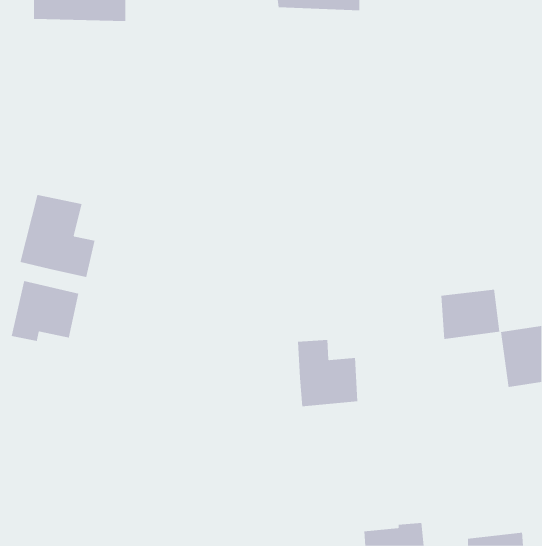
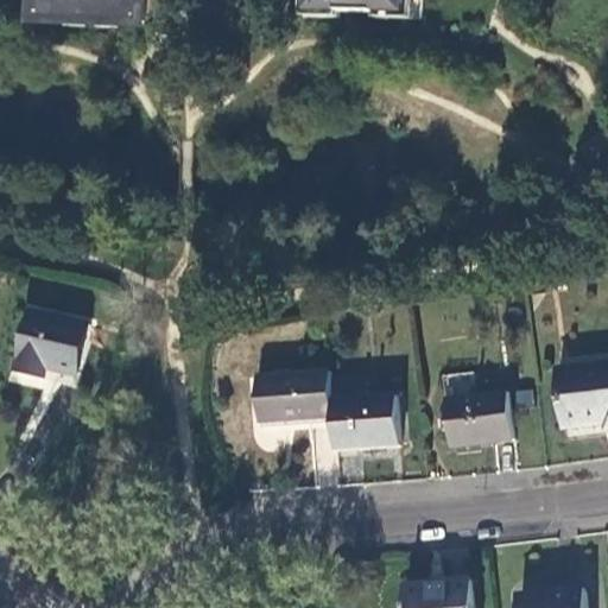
building: [20,194,95,278] -> none
building: [440,289,500,339] -> [445,393,512,449]
building: none -> [255,372,332,424]

